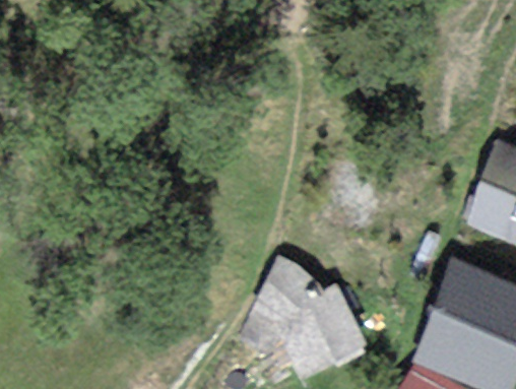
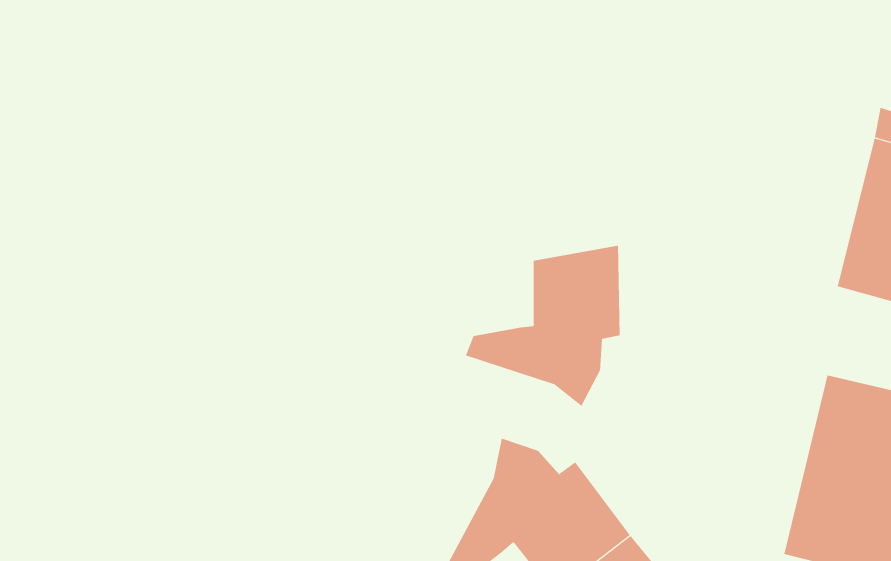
building: none -> [465,245,620,407]

